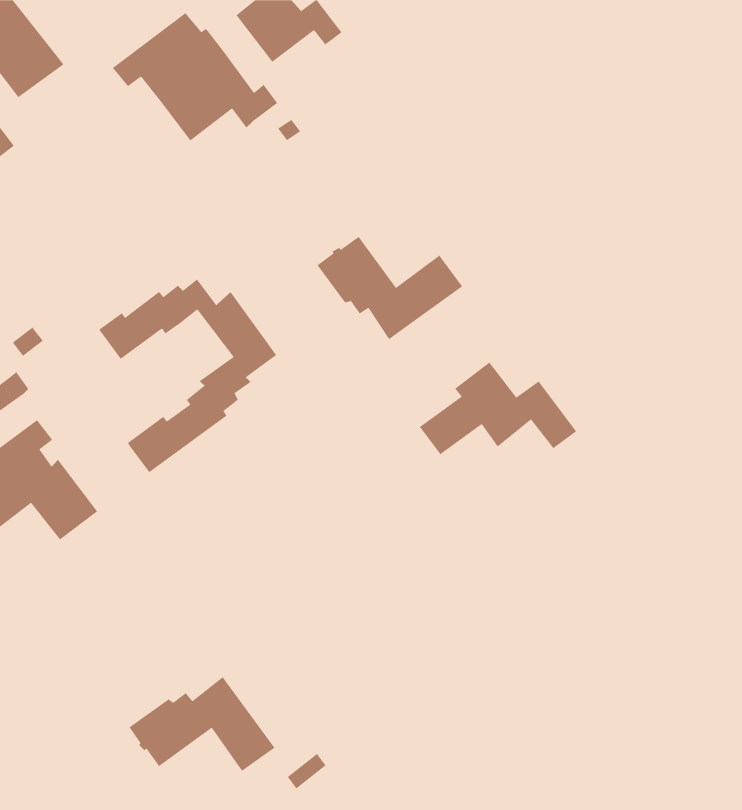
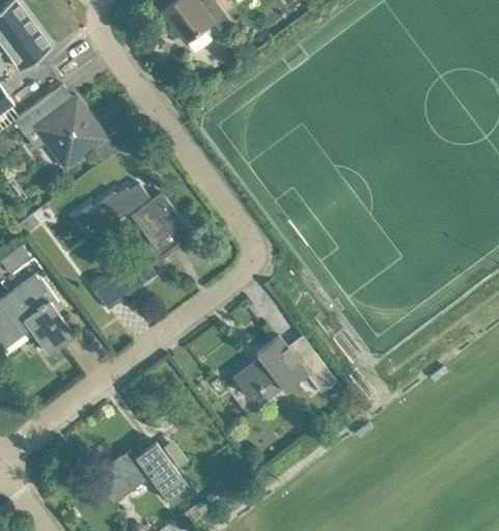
building: [112,12,278,141] -> [13,86,121,170]
building: [317,236,463,340] -> none
building: [419,361,577,456] -> [231,336,334,397]

